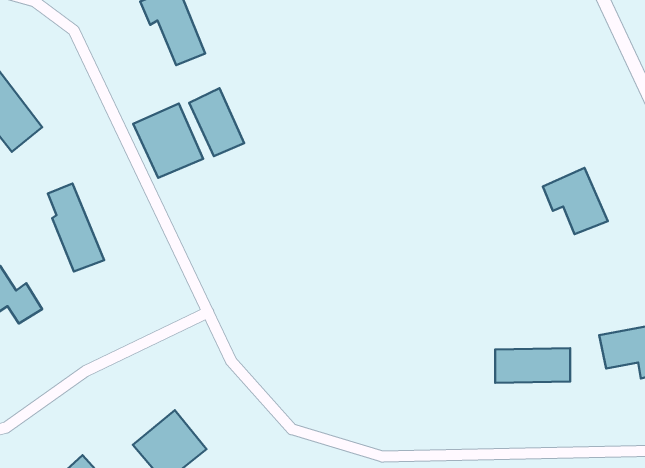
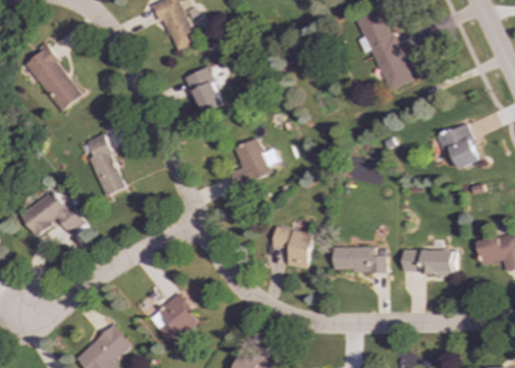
building: none -> [355,8,412,89]
building: [133,103,203,178] -> none
building: none -> [228,137,273,189]
building: none -> [271,226,313,268]
building: none -> [333,246,386,271]

